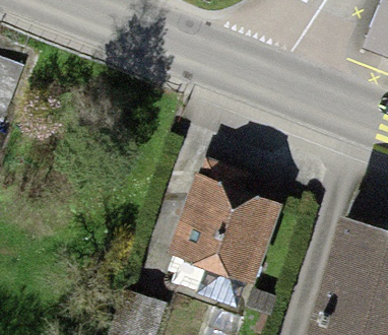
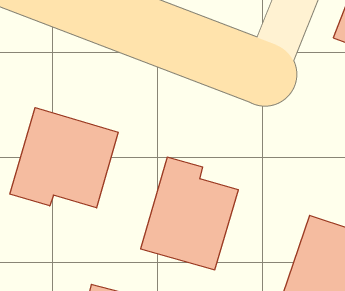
building: none -> [10,108,118,208]

